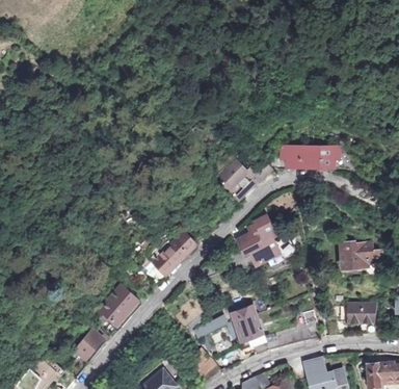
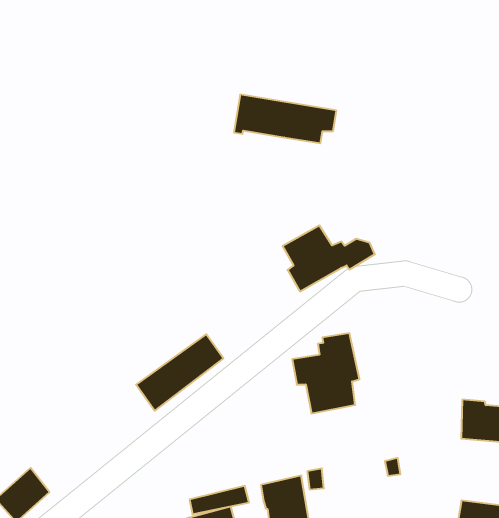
building: [281,142,339,165] -> [234,95,336,143]
building: [90,282,142,334] -> none

